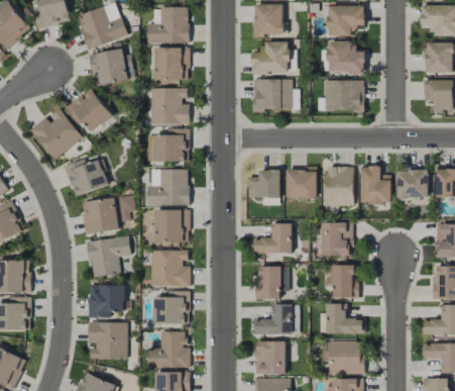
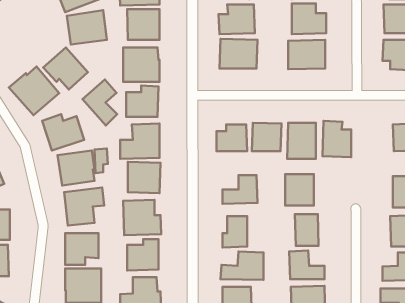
building: none -> [83,80,117,126]
building: [397,170,429,199] -> none

